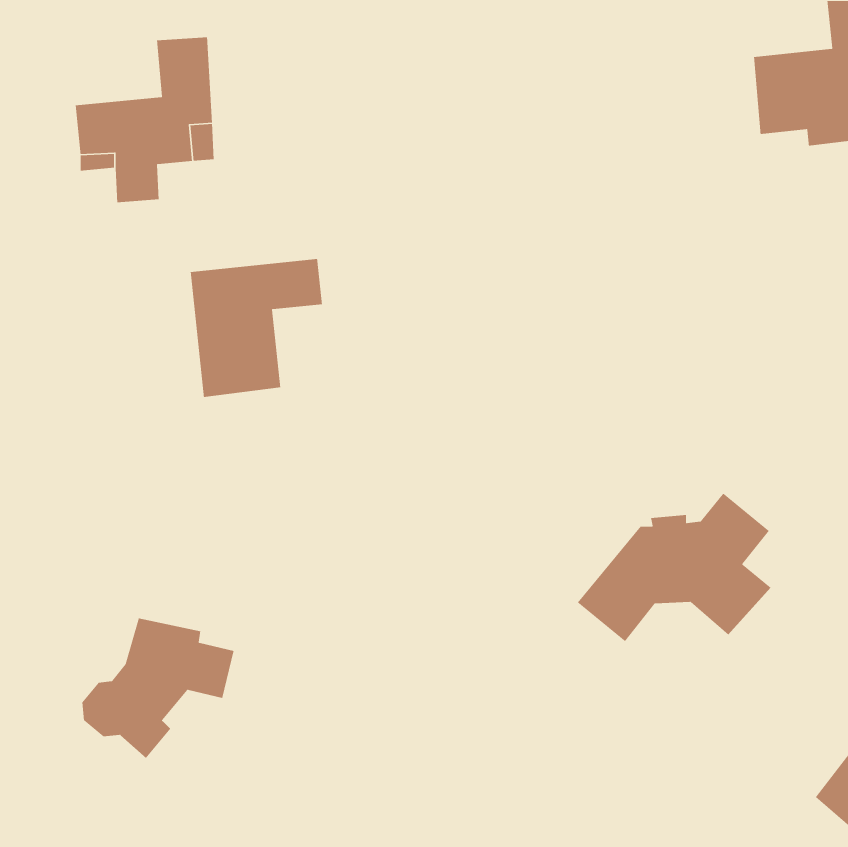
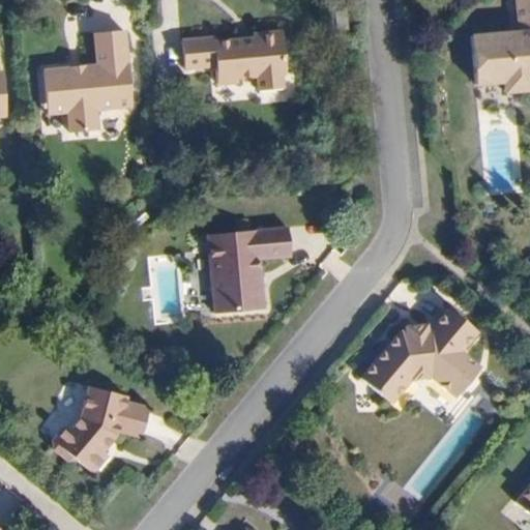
building: none -> [182,29,287,89]
building: [190,258,323,398] -> [209,227,292,314]

